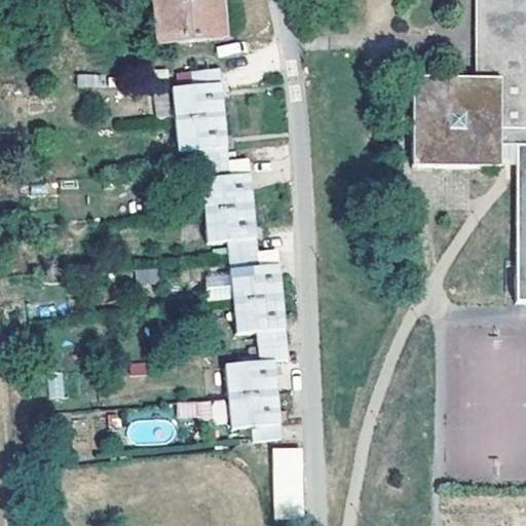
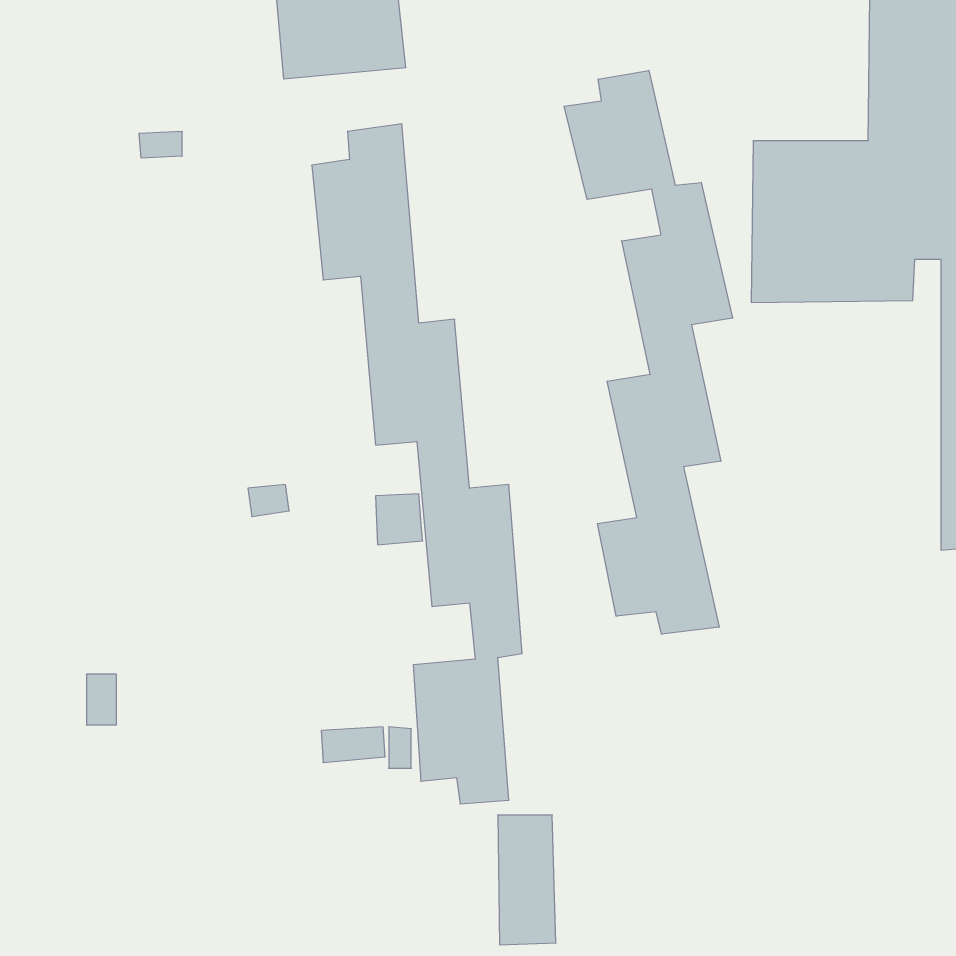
building: none -> [564,70,733,634]

